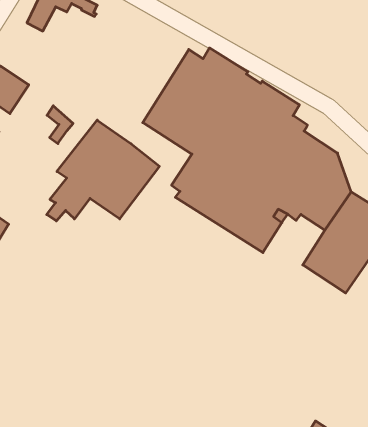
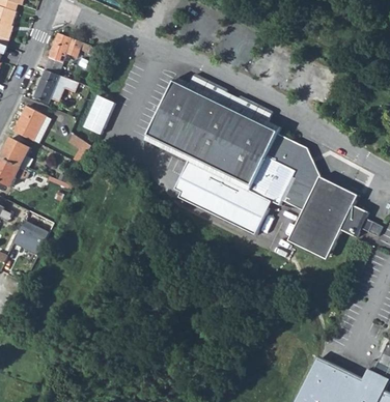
building: none -> [31,69,76,104]
building: none -> [83,95,113,135]
building: [47,120,159,221] -> none

